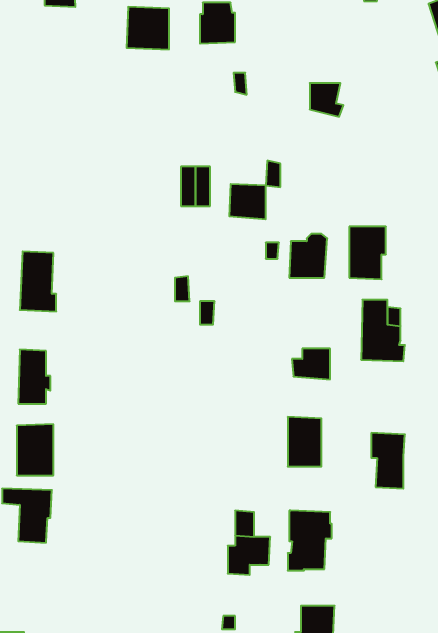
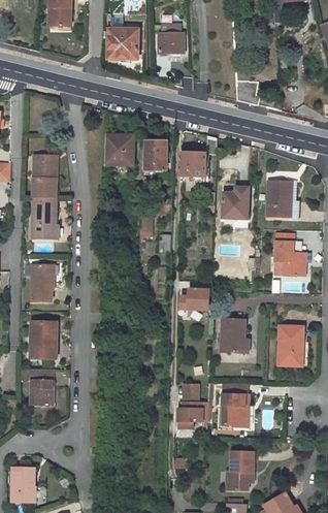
building: none -> [104,133,133,163]
building: none -> [34,159,58,200]
building: [292,349,330,379] -> [182,288,208,310]

